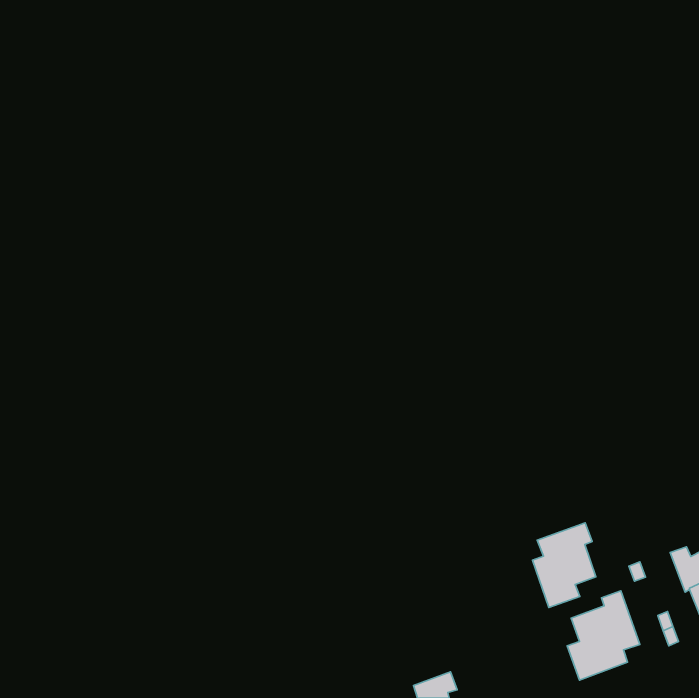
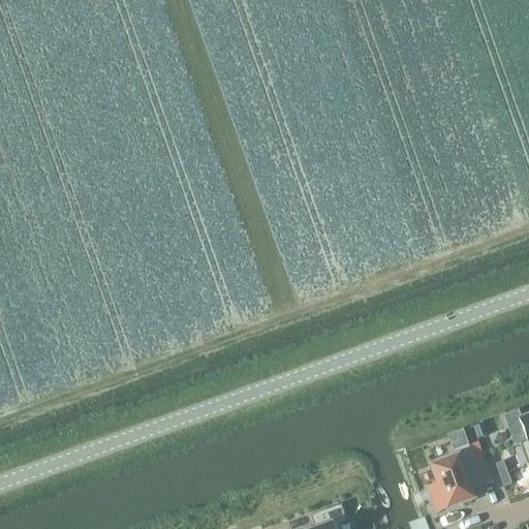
building: [532,523,596,607] -> none

